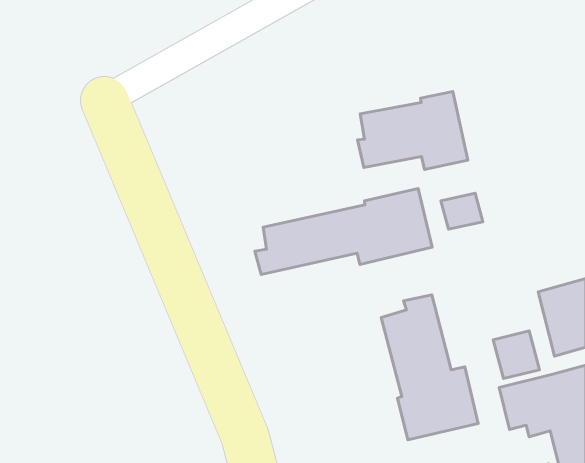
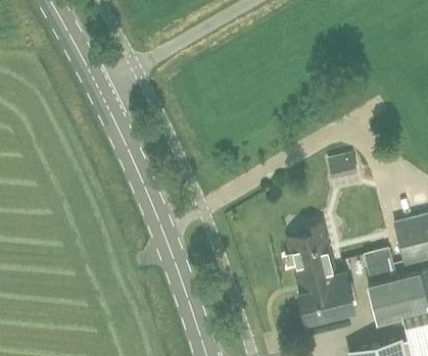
building: [357,92,468,170] -> none
building: [255,189,432,274] -> none

